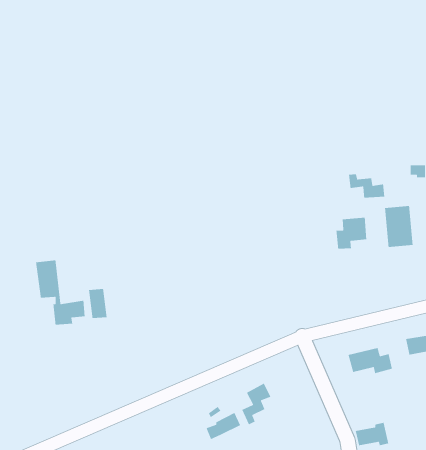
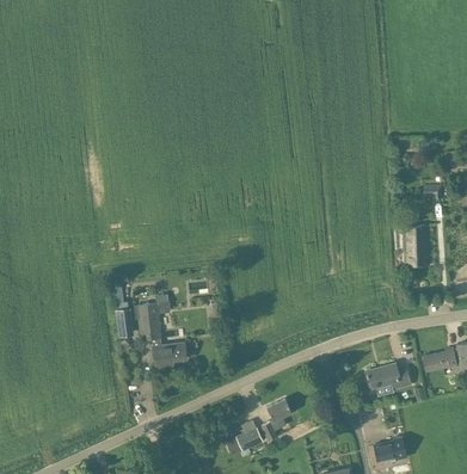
building: [348,173,385,199] -> none
building: [336,217,367,250] -> none
building: [35,259,85,326] -> [136,302,185,367]

